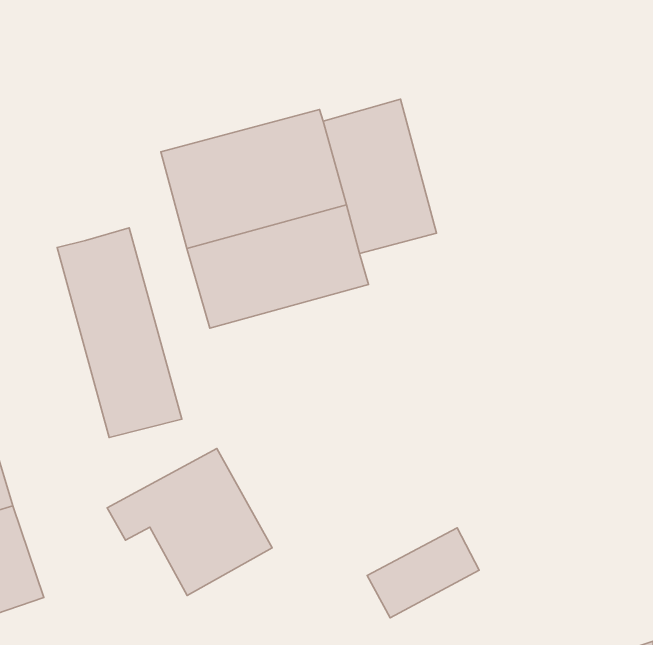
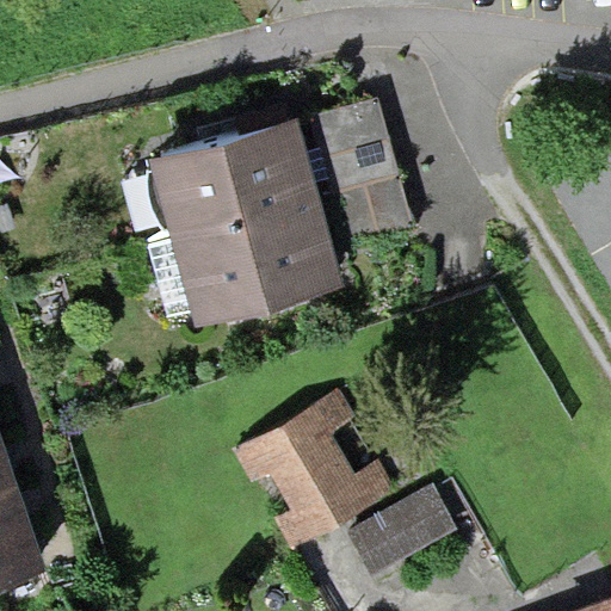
building: [57,228,182,438] -> none
building: [107,449,272,595] -> [229,406,382,542]

